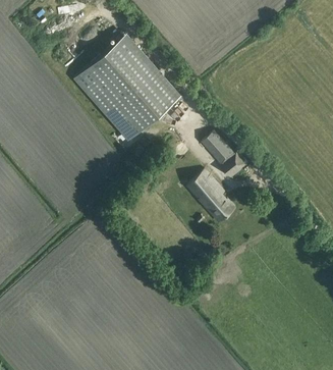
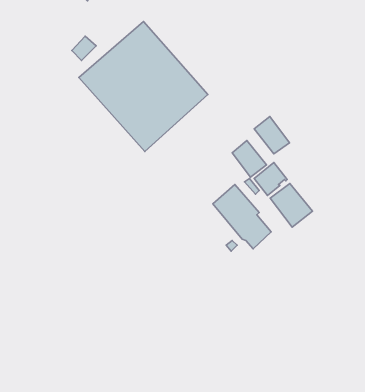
building: none -> [254,116,289,154]
building: none -> [270,184,312,227]

